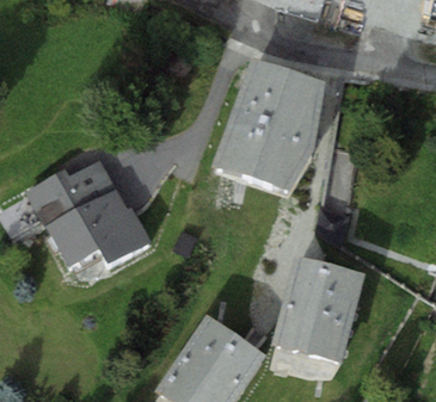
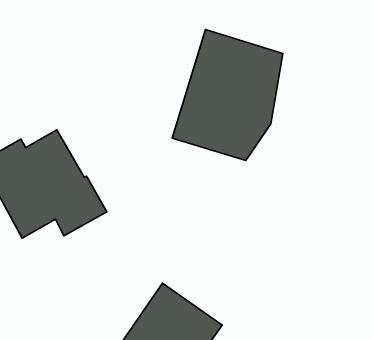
building: [272,255,366,360] -> none

